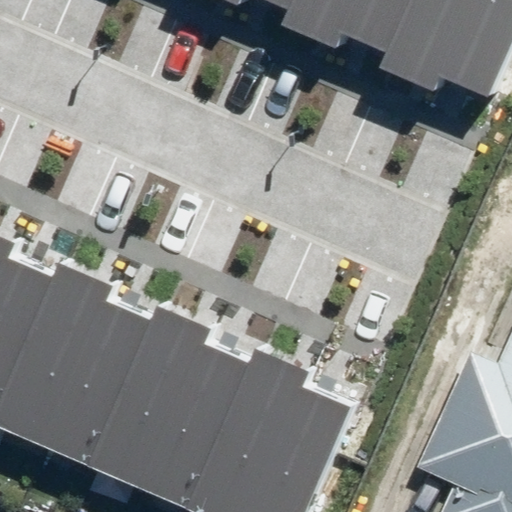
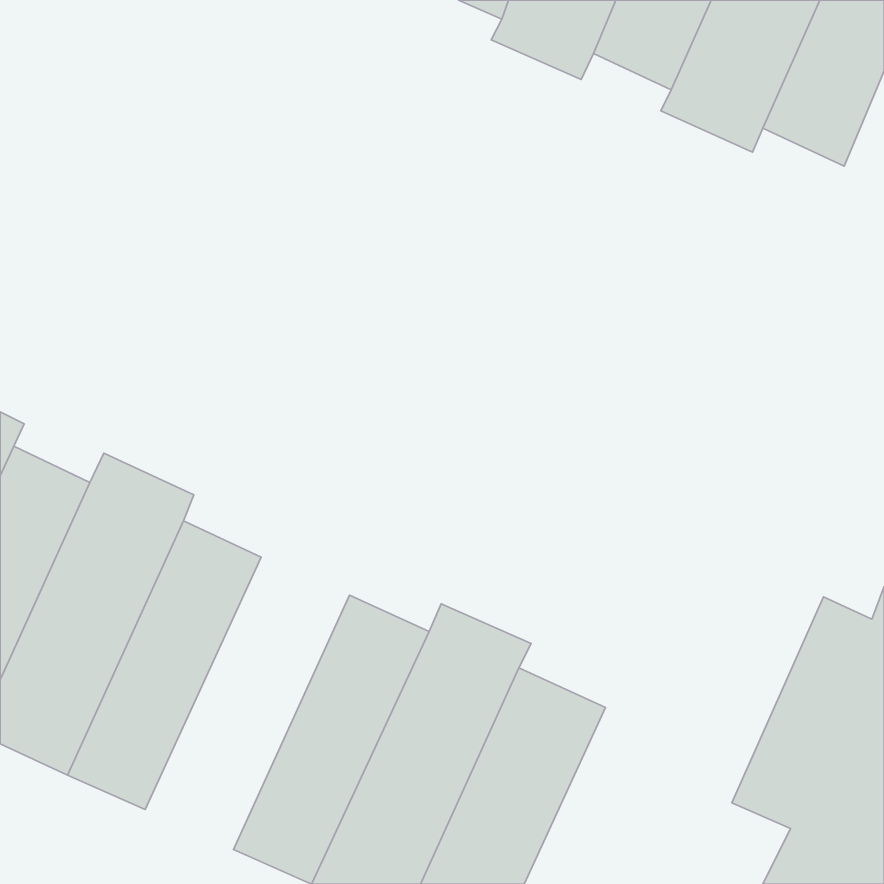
building: [84,307,208,491] -> none

